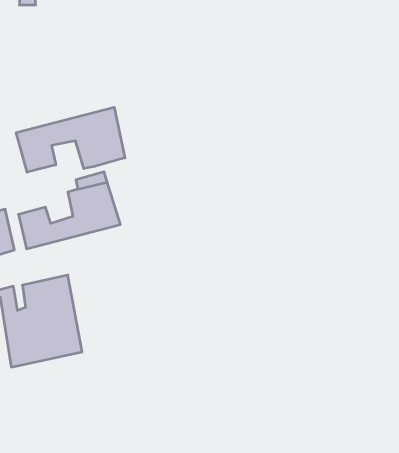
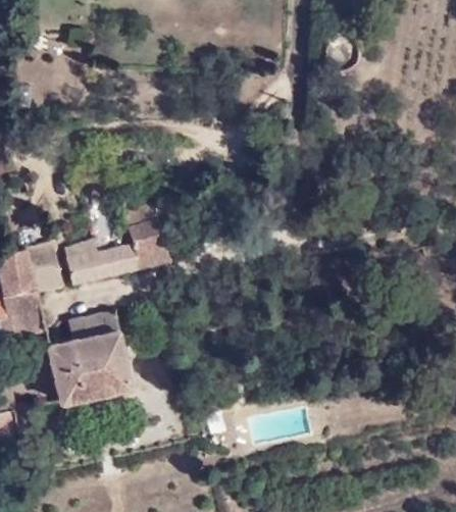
building: [16,107,125,172] -> none

